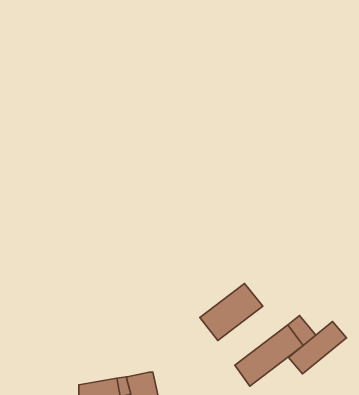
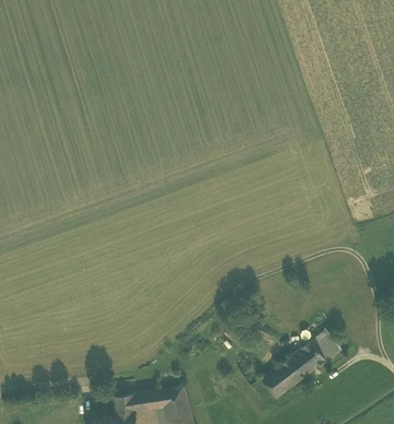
building: [200,283,263,340] -> none
building: [288,321,347,374] -> none

